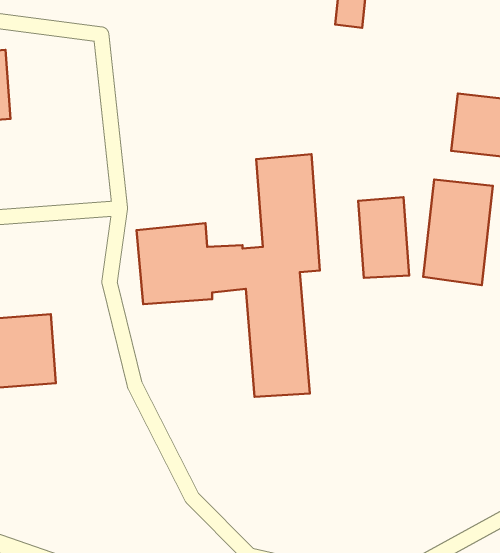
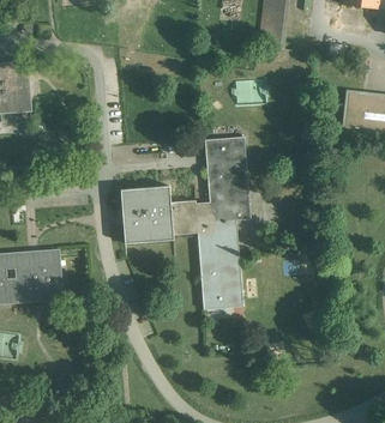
building: [423,179,493,285] -> none
building: [358,197,409,278] -> none

